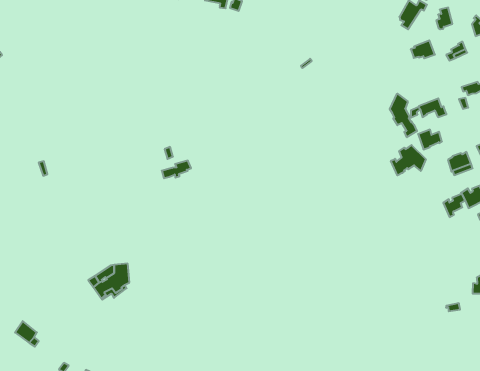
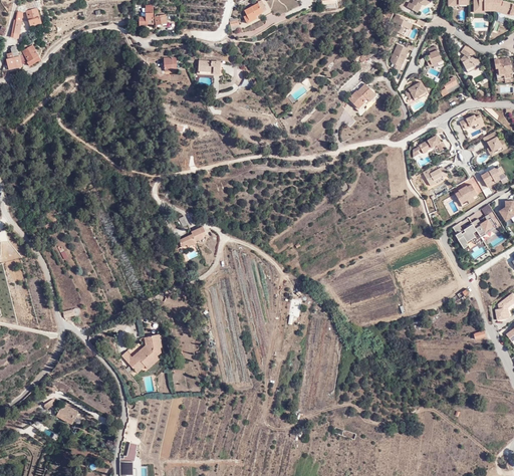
building: none -> [348,83,376,109]
building: [390,94,417,137] -> none
building: [391,145,426,175] -> none

